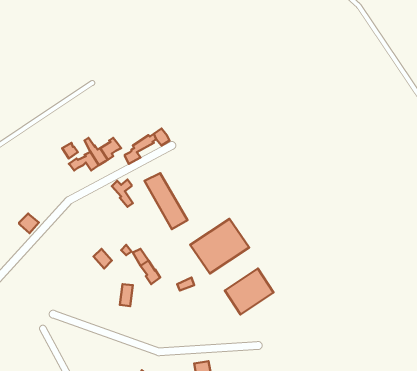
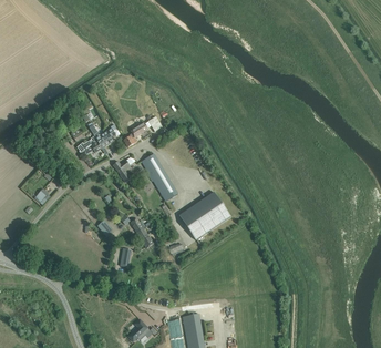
building: [225,268,274,314] -> none

